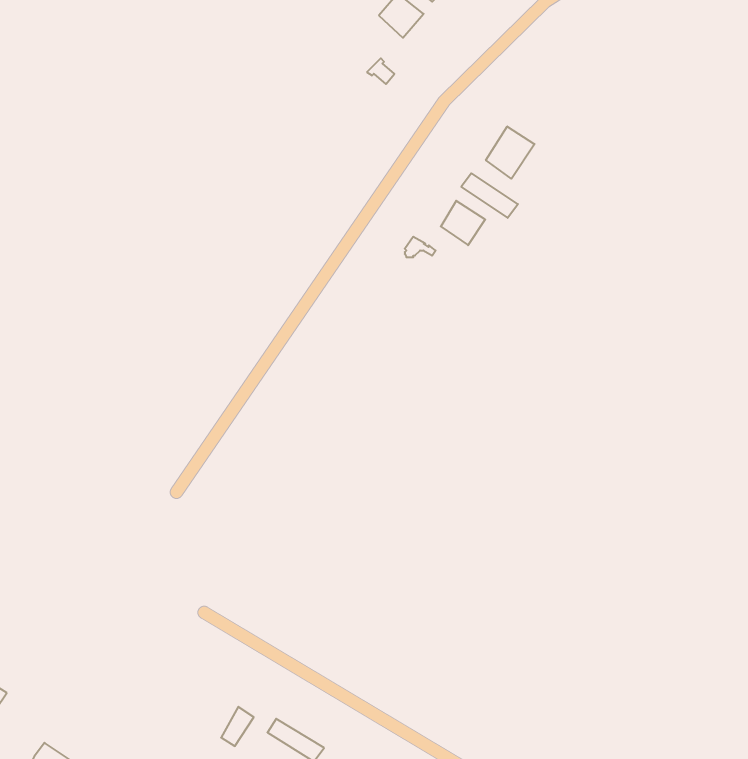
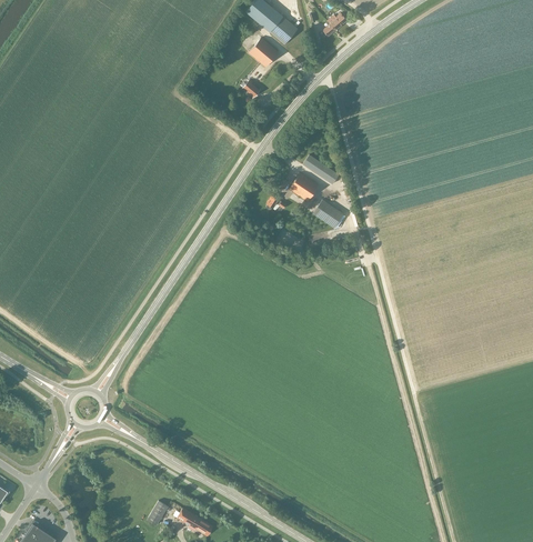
building: [486,126,535,179] -> none
building: none -> [312,199,343,228]

